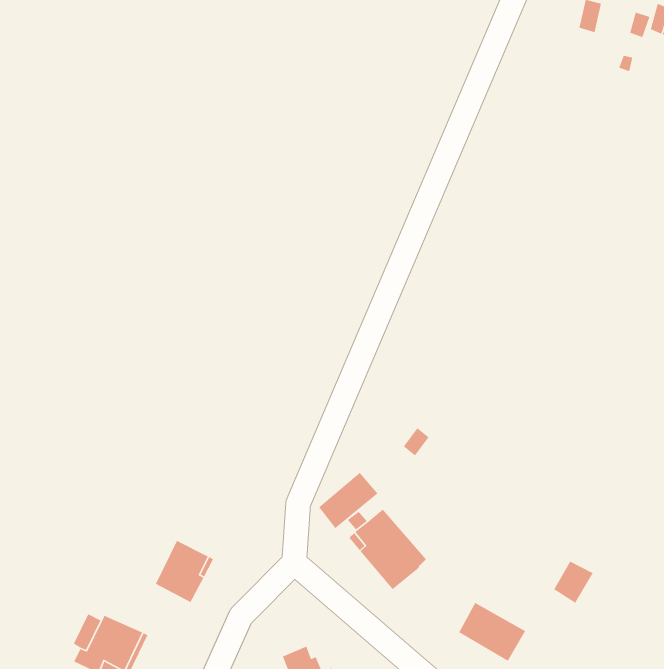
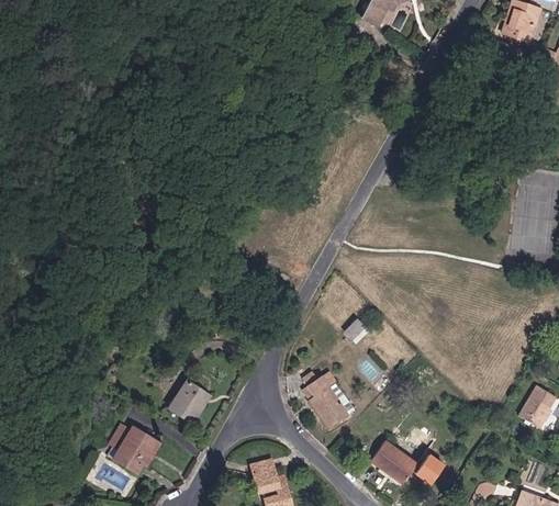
building: [318,472,378,529] -> none
building: [553,560,594,604] -> [418,456,447,485]

